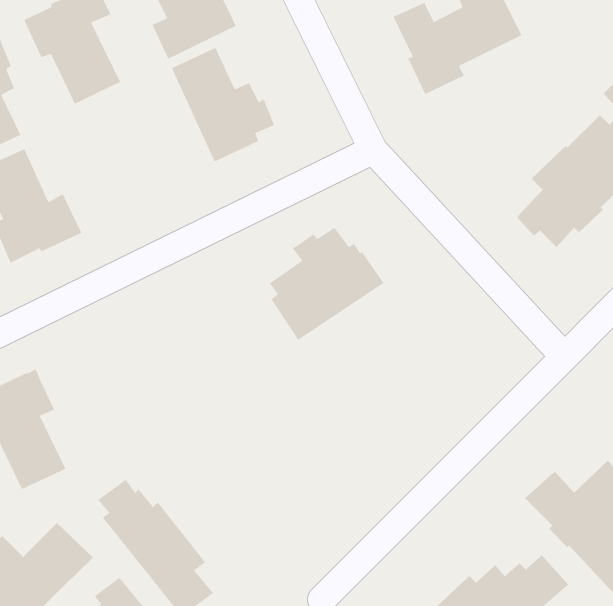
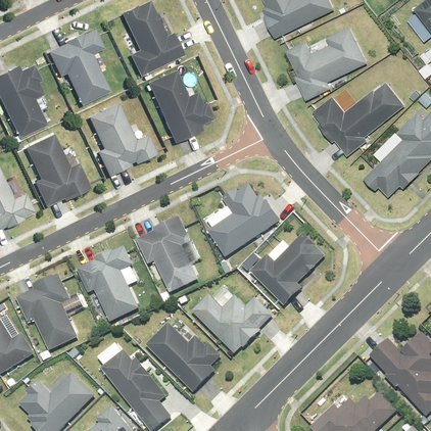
building: none -> [313,82,404,155]
building: none -> [85,102,154,176]
building: none -> [136,217,198,294]
building: none -> [249,233,325,306]
building: none -> [77,246,139,323]
building: none -> [191,294,273,354]
building: none -> [145,323,222,393]

